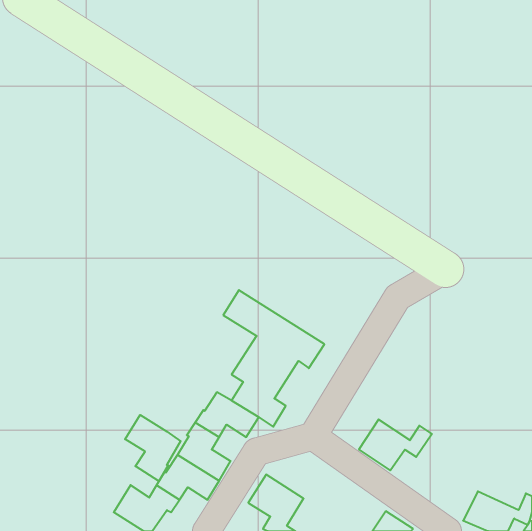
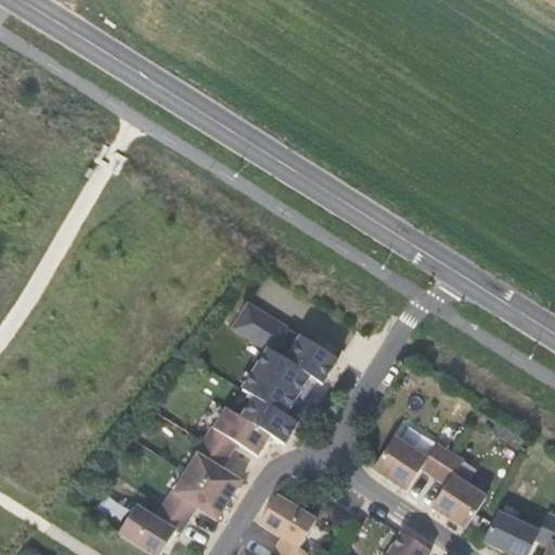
building: [125,415,181,481] -> none
building: none -> [431,451,485,528]

